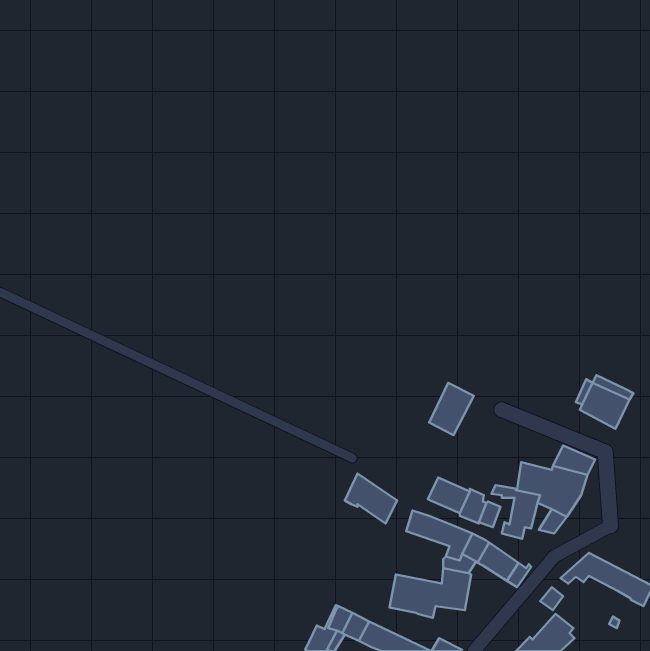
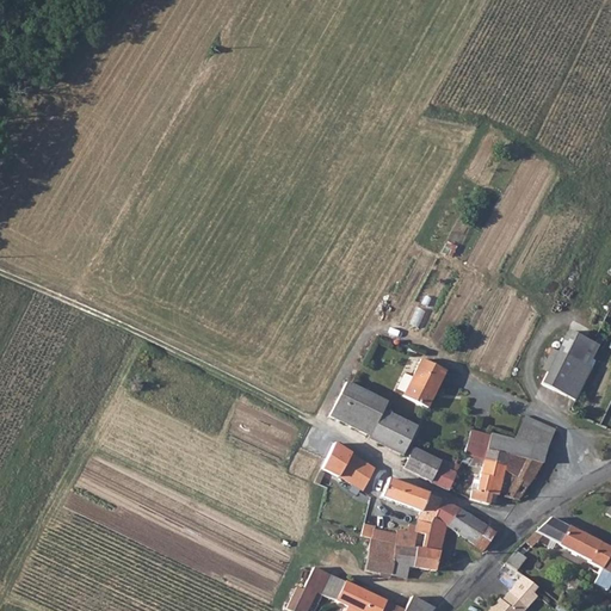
building: none -> [560,329,597,364]
building: none -> [328,381,415,451]
building: none -> [372,519,416,545]

